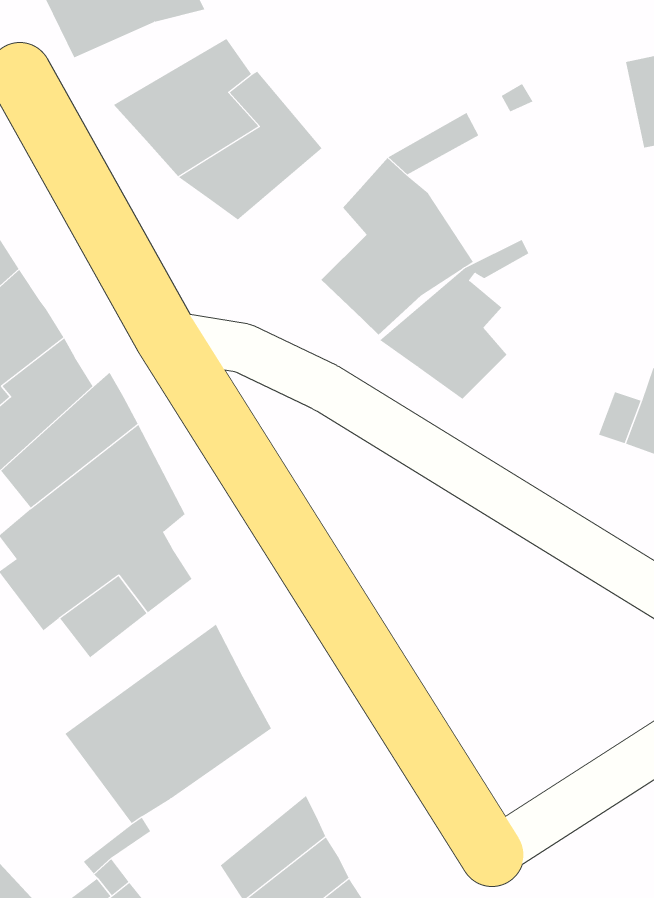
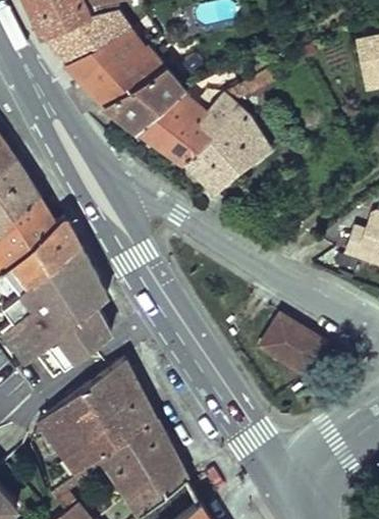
building: none -> [44,10,130,64]
building: [380,239,529,400] -> [137,72,221,163]
building: none -> [260,315,328,377]
building: none -> [99,417,175,495]

